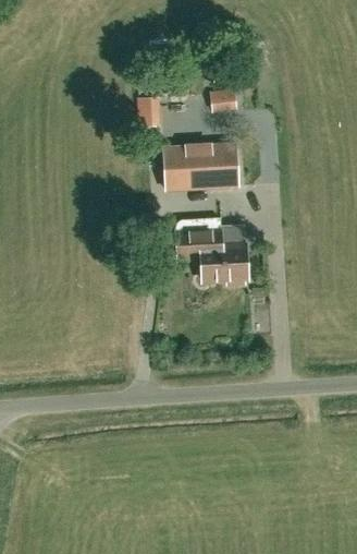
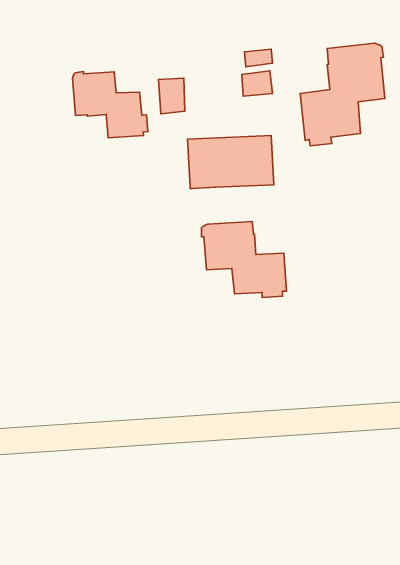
building: none -> [300,43,385,146]
building: none -> [72,72,148,138]

